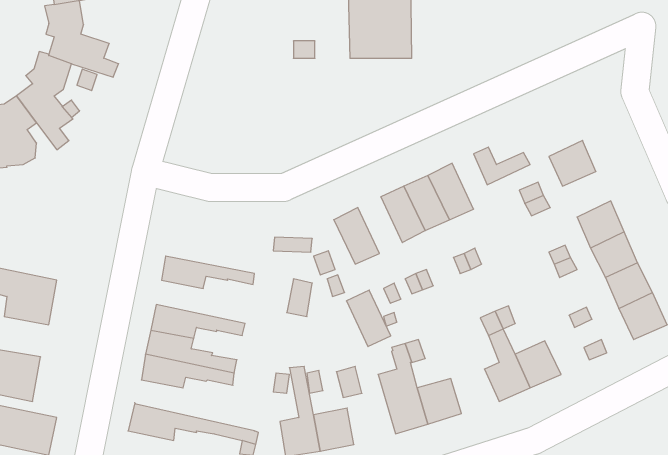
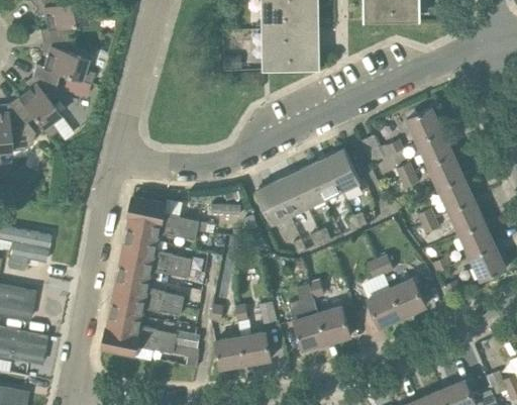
building: none -> [407,108,443,143]
building: none -> [428,155,464,189]
building: none -> [128,197,207,232]
building: none -> [123,236,192,269]
building: [346,290,391,347] -> [275,174,308,216]
building: none -> [108,311,200,349]

